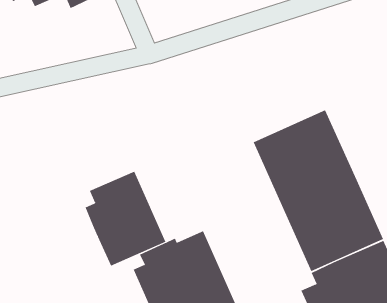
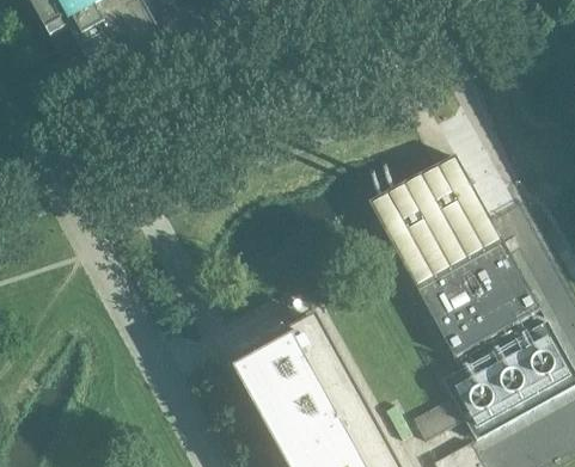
building: [85,171,166,266] -> none

